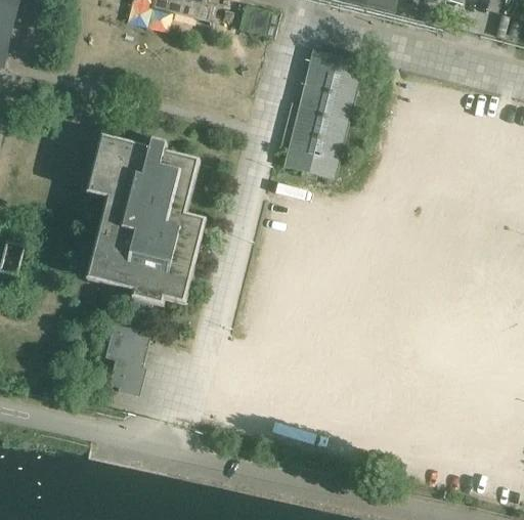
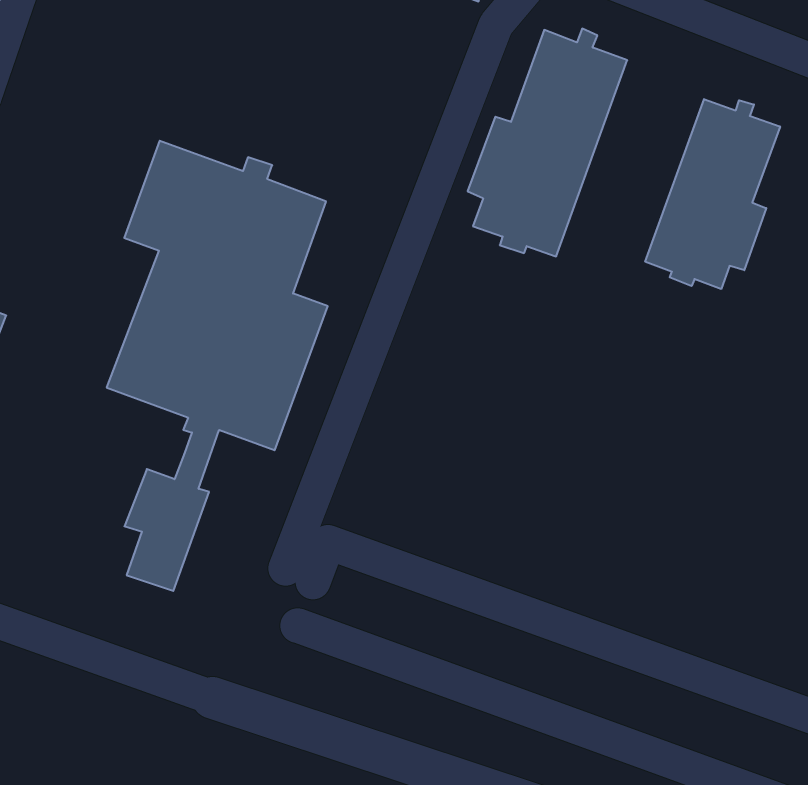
building: none -> [645,99,780,289]

